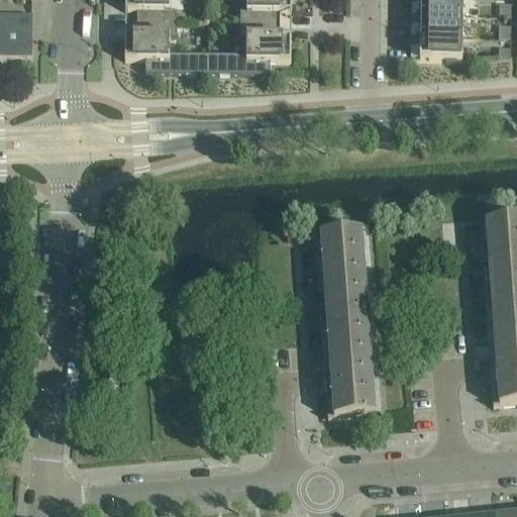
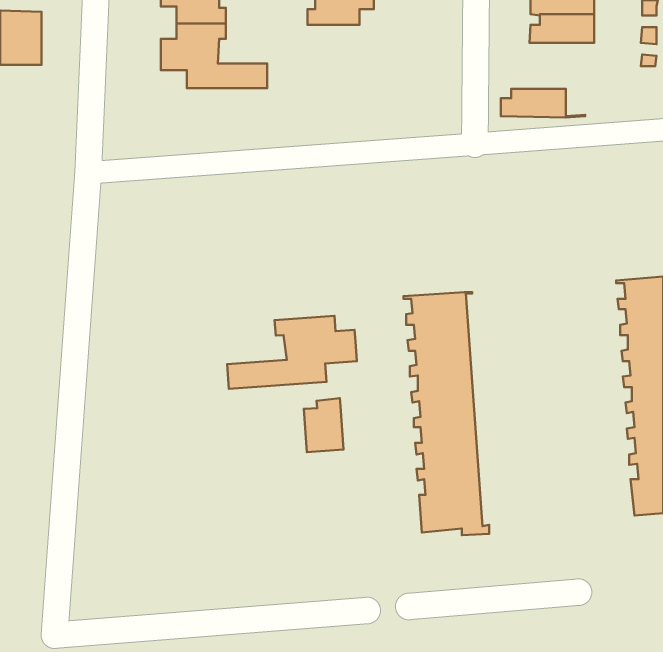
building: [208,19,291,70] -> none
building: [412,33,478,56] -> [501,89,585,117]
building: none -> [227,316,357,389]
building: none -> [304,398,344,452]

